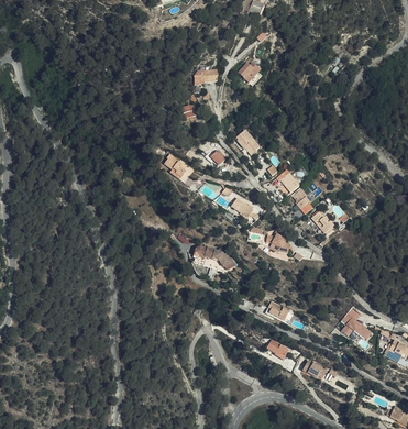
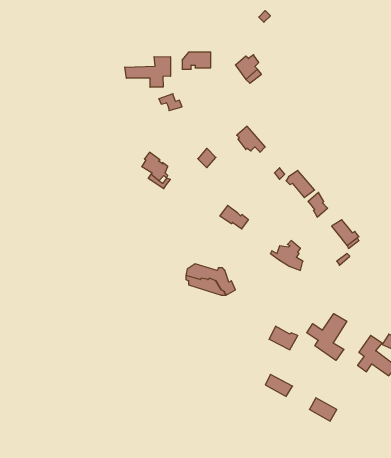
building: none -> [125,57,170,87]
building: none -> [307,314,347,360]

